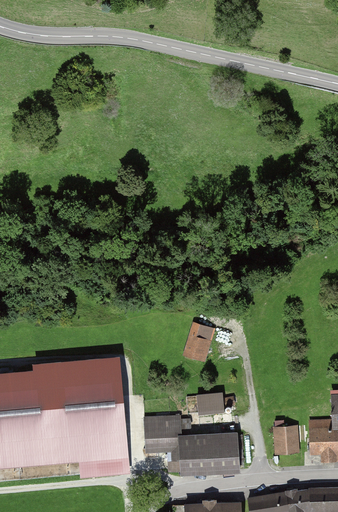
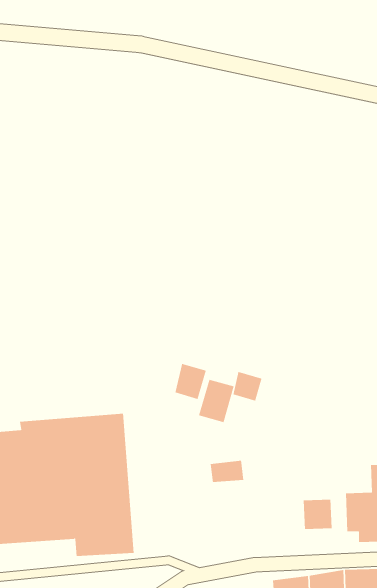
building: none -> [175,363,206,400]
building: none -> [233,371,262,402]
building: [143,419,238,471] -> none

